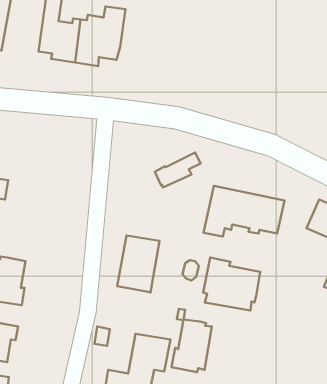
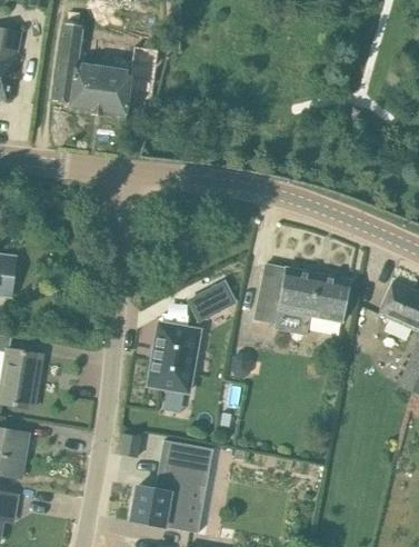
building: [155,152,201,187] -> [184,277,240,319]
building: [203,258,260,310] -> none
building: [171,319,212,372] -> none

